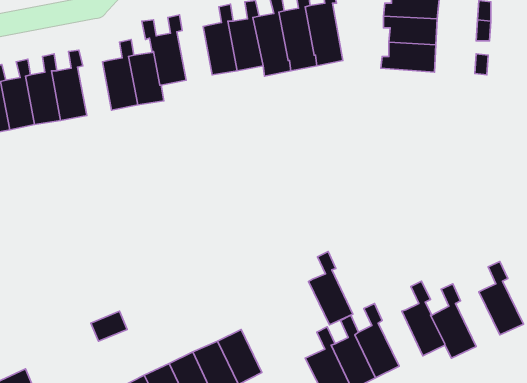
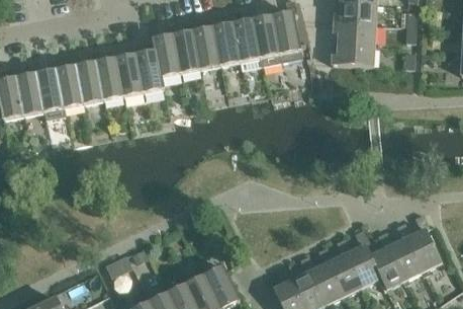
building: none -> [174,17,201,72]
building: none -> [97,45,123,99]
building: [308,252,353,325] -> [330,237,364,294]
building: none -> [389,222,424,279]

